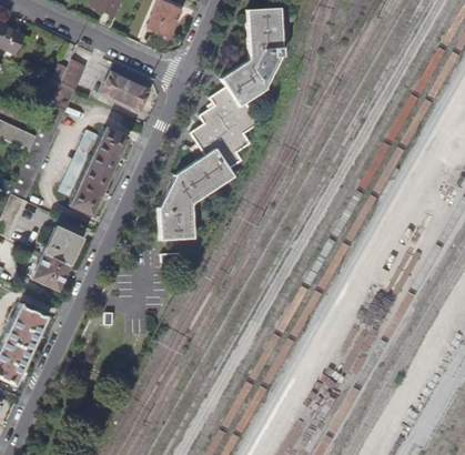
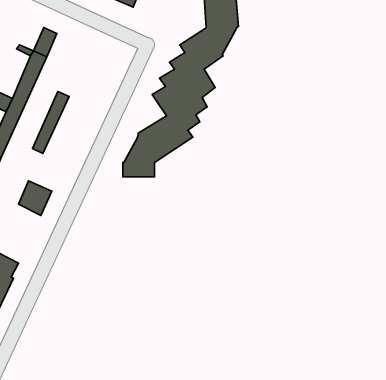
building: [99,74,148,112] -> none
building: [70,127,127,215] -> none
building: [161,222,195,242] -> none
building: [33,252,69,289] -> none

